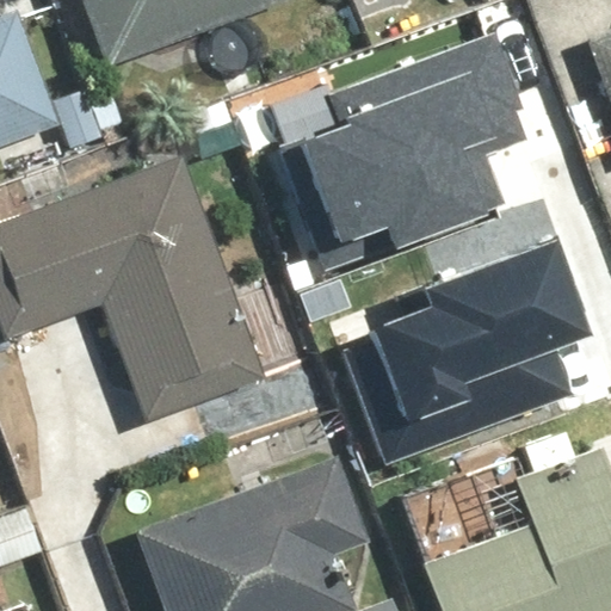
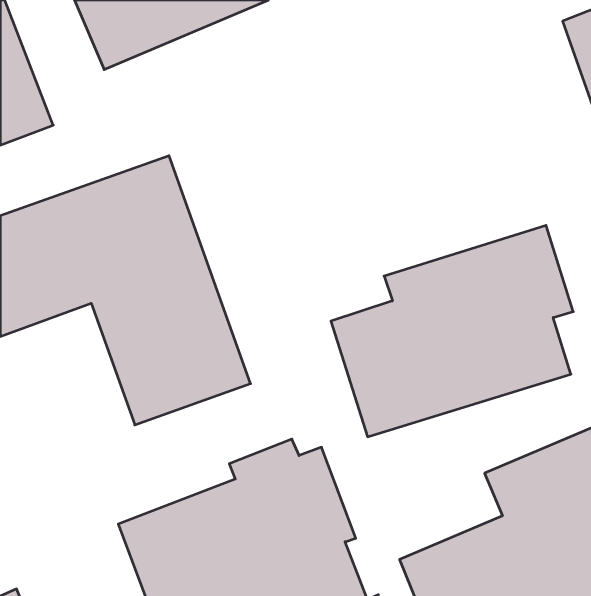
building: [296,36,512,255] -> none

